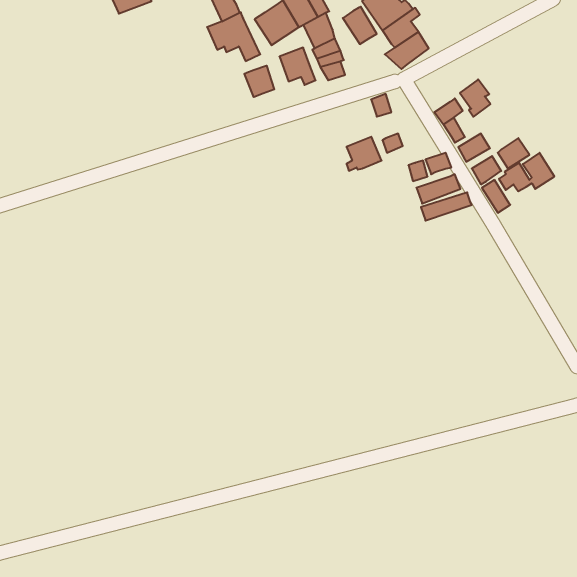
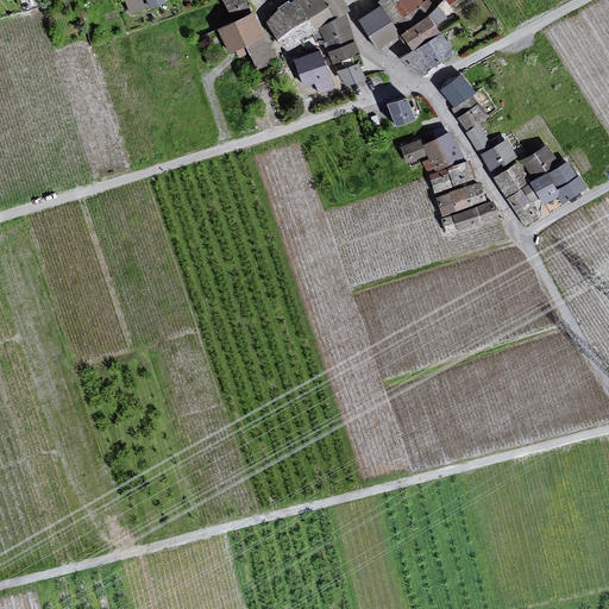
building: [244,66,274,97] -> none
building: [460,79,490,117] -> [441,75,473,114]
building: [346,137,382,171] -> [423,133,460,169]

